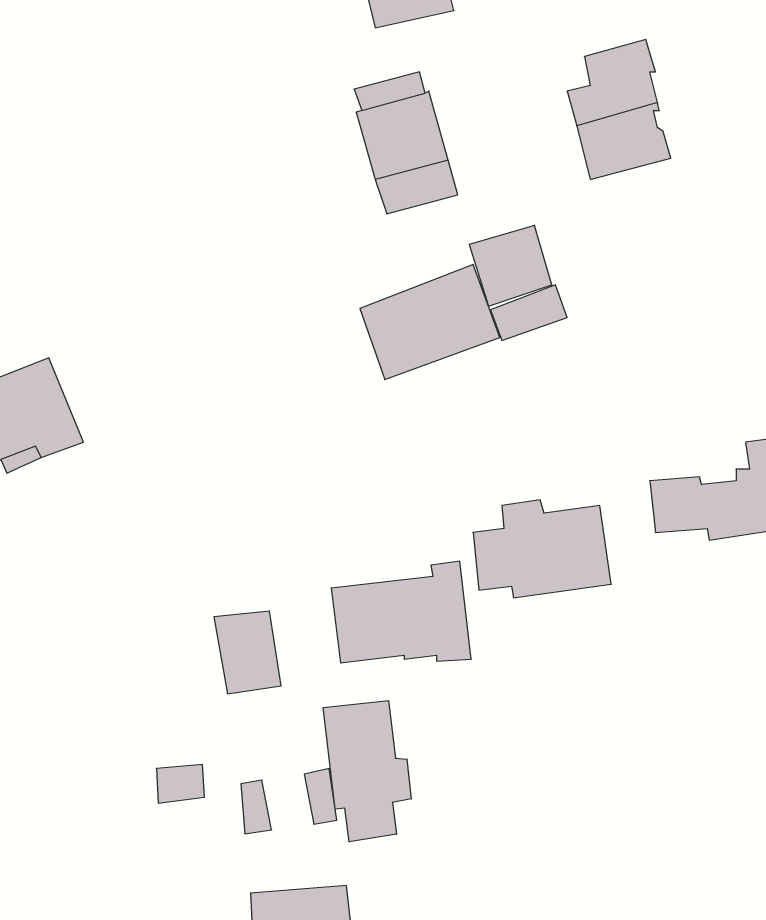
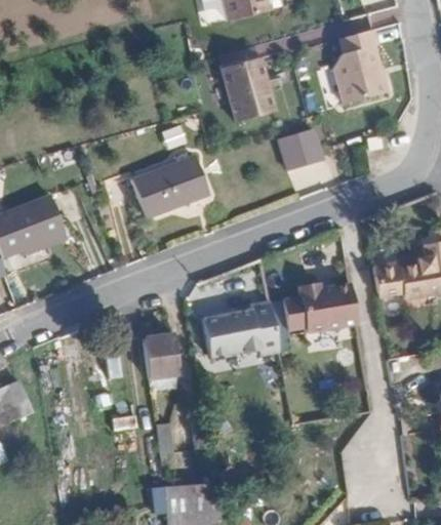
building: [360,264,500,380] -> [135,156,210,217]
building: [323,701,411,842] -> none

